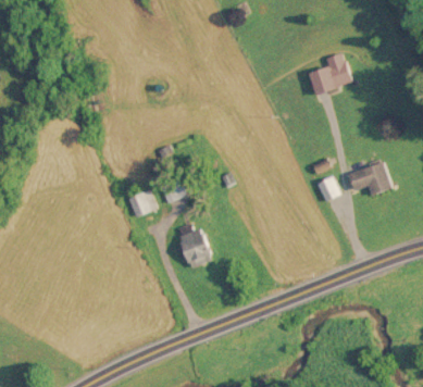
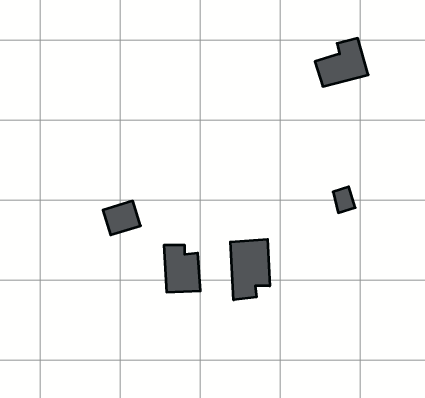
building: [347,162,390,195] -> none
building: none -> [230,239,270,300]

